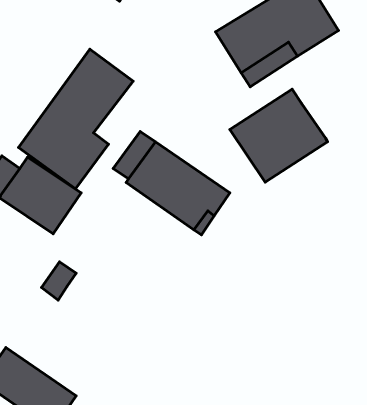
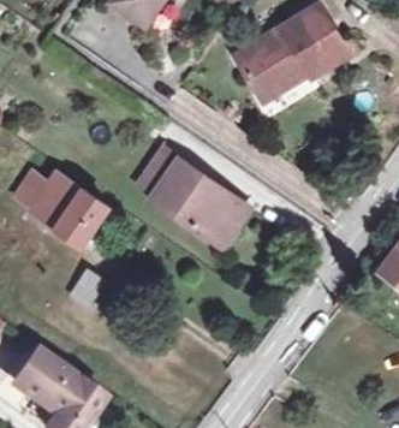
building: [18,49,133,189] -> none
building: [230,89,327,182] -> none

